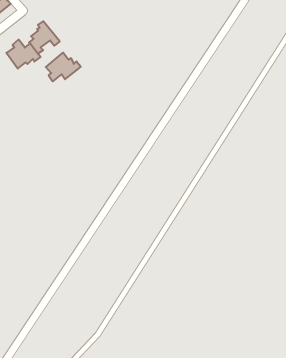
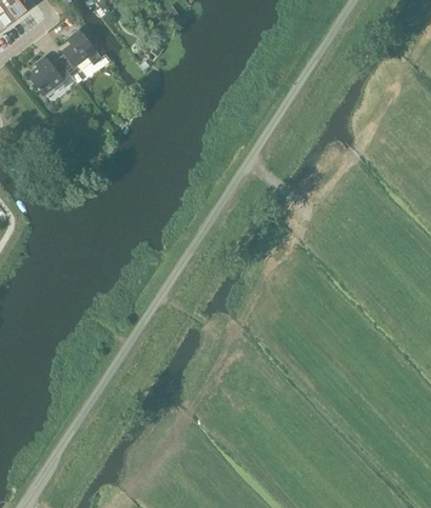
building: [46,53,81,81] -> none

